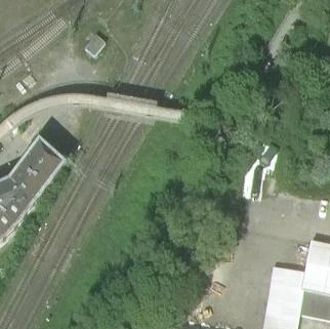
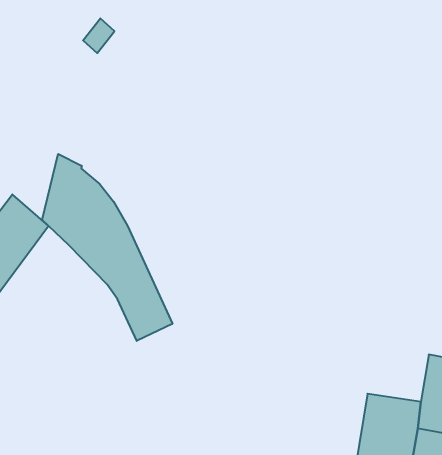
building: none -> [42,154,172,341]

